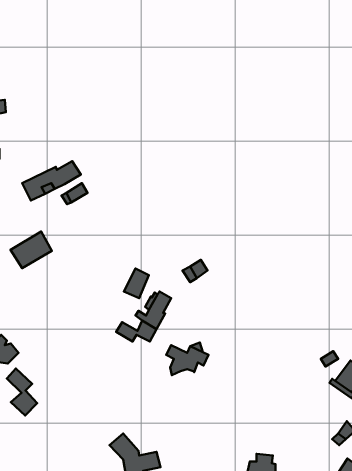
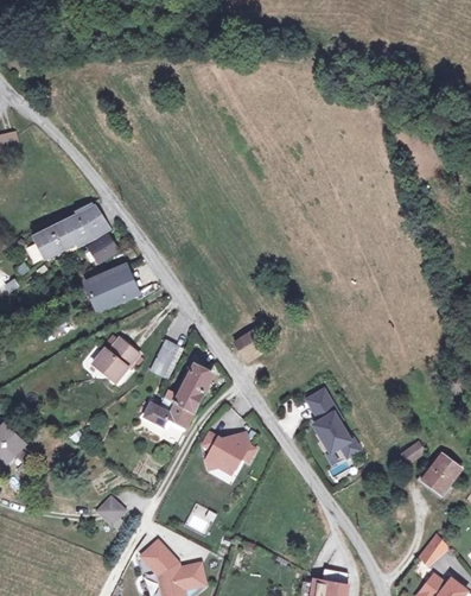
building: [11,232,52,268] -> [84,266,135,311]
building: none -> [100,335,146,379]
building: none -> [304,391,356,457]
building: [7,369,37,415] -> none
building: none -> [91,496,126,530]

